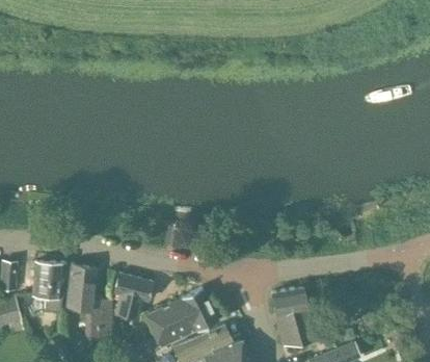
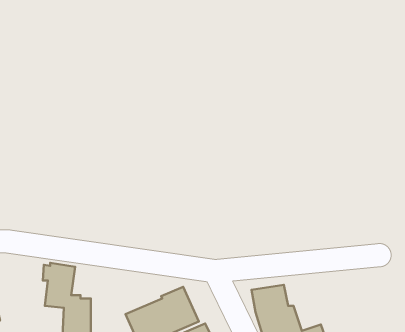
building: [33,263,65,314] -> none
building: [116,274,154,319] -> none

